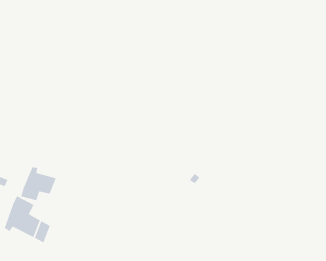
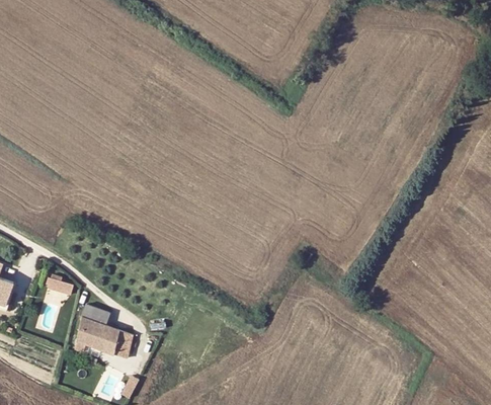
building: [20,167,57,201] -> none

